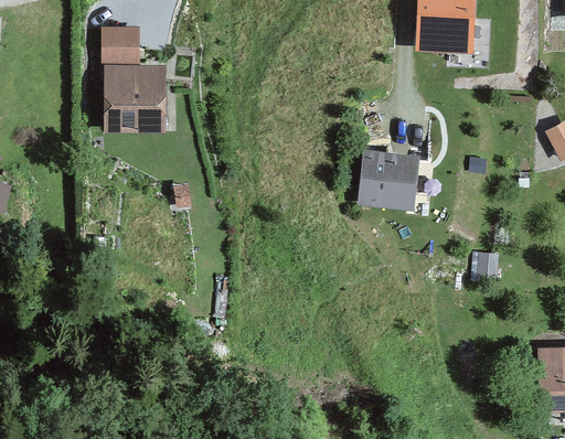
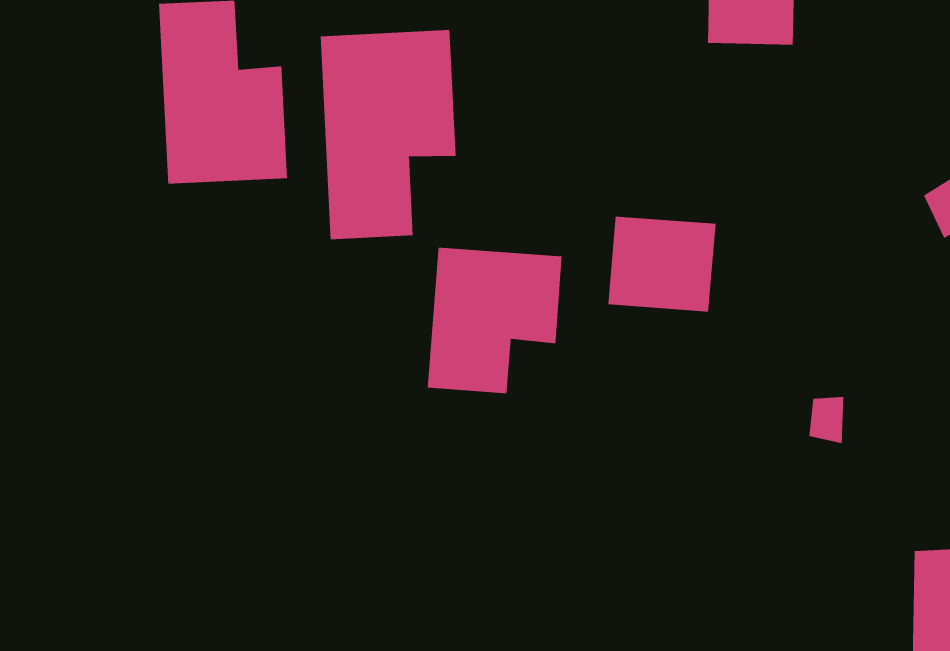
building: none -> [320,29,456,240]
building: none -> [427,247,562,394]

